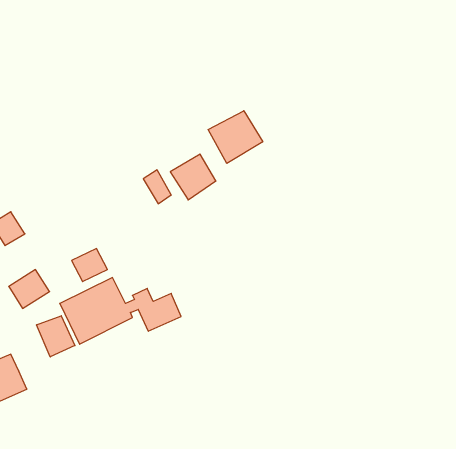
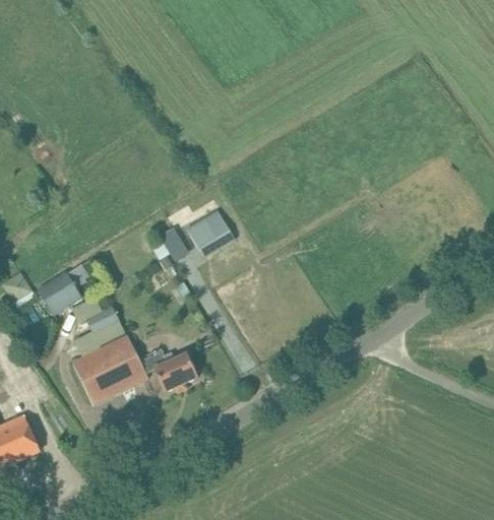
building: [208,111,263,163] -> none
building: [9,270,50,308] -> [39,272,80,312]
building: [37,316,75,357] -> none

